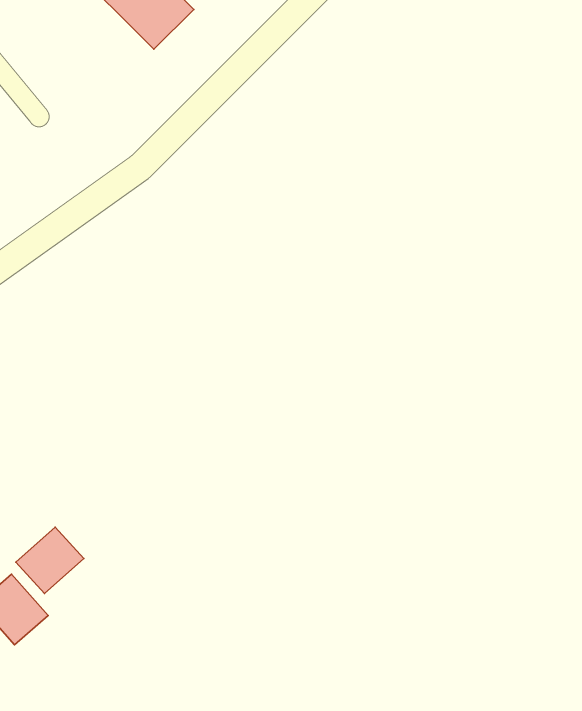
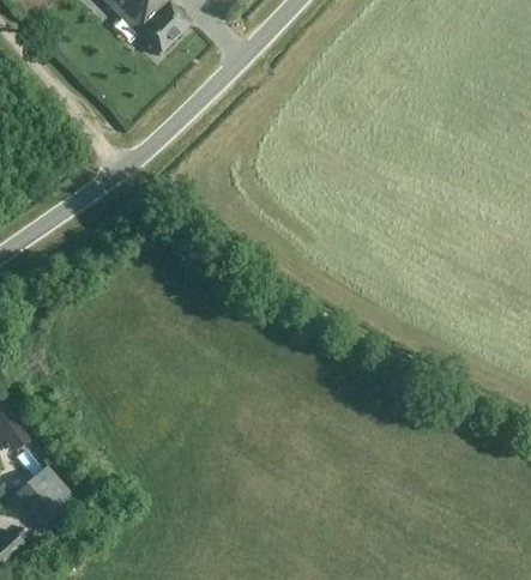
building: [16,527,84,593] -> none

